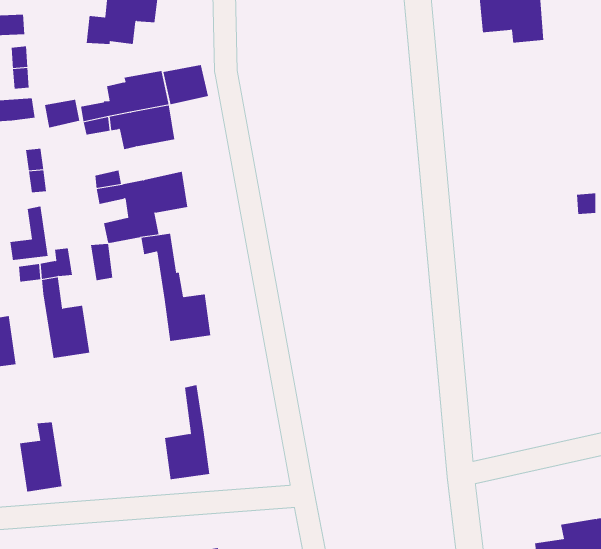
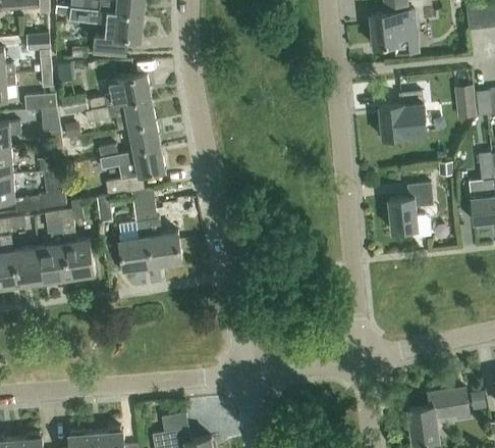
building: [163,65,209,105] -> [127,122,160,151]
building: none -> [376,91,426,139]
building: none -> [388,183,432,236]
building: [164,385,210,480] -> [118,202,151,269]
building: [19,422,63,492] -> [38,232,68,282]

